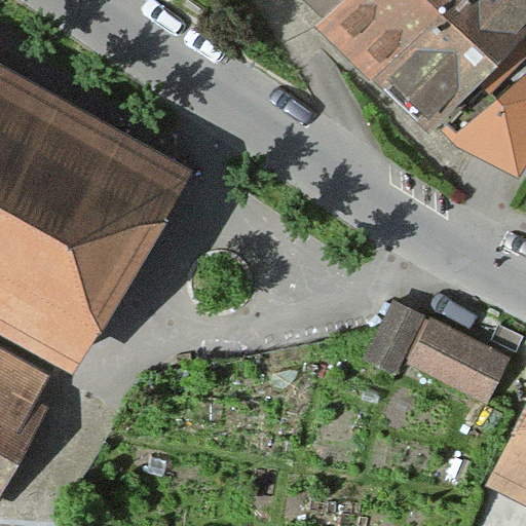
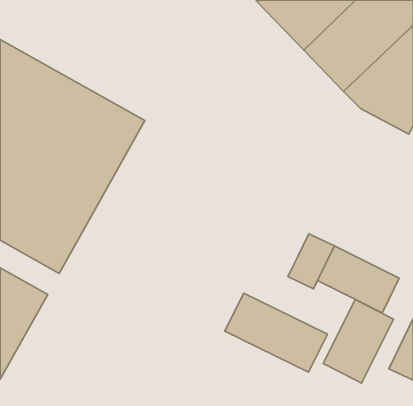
building: none -> [225,293,327,372]
building: none -> [323,299,394,383]

